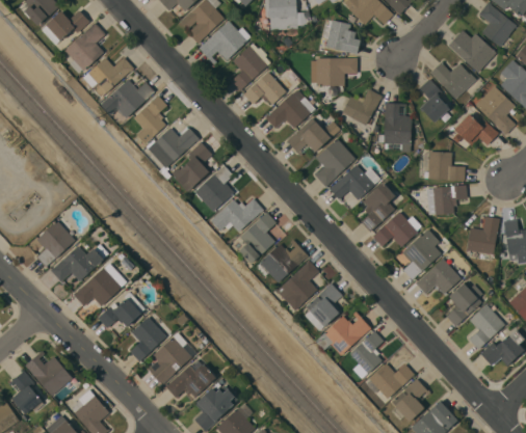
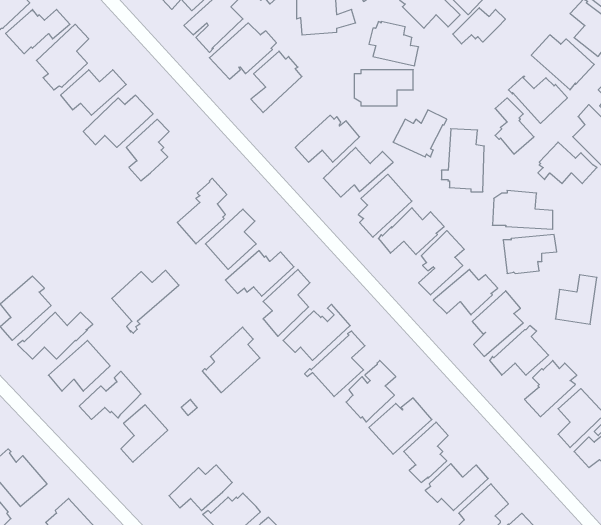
building: none -> [453,8,505,44]
building: [243,72,292,104] -> none
building: [148,127,200,175] -> [112,270,179,333]
building: [148,333,192,384] -> [202,327,260,393]

